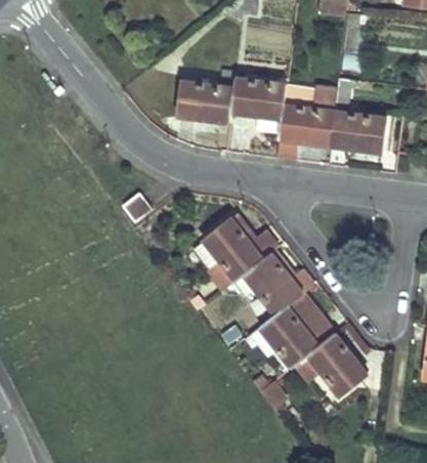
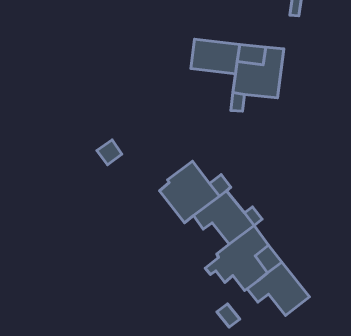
building: [178,70,236,121] -> none
building: [330,78,386,151] -> none

